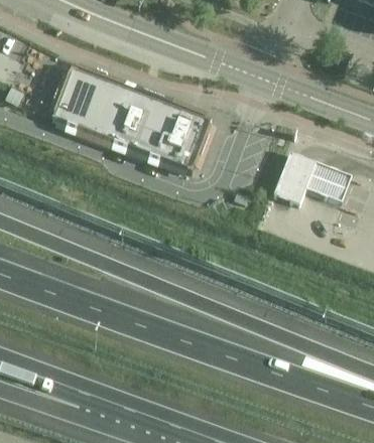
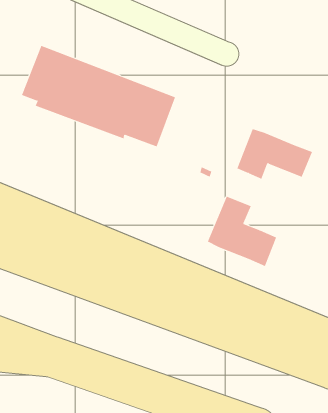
building: none -> [207,196,277,267]

